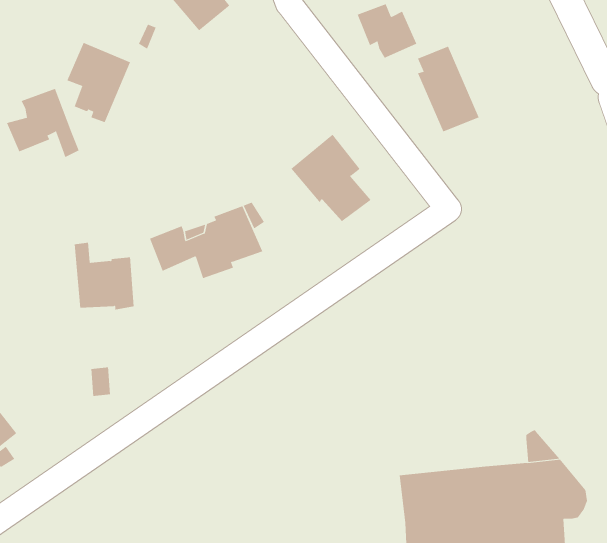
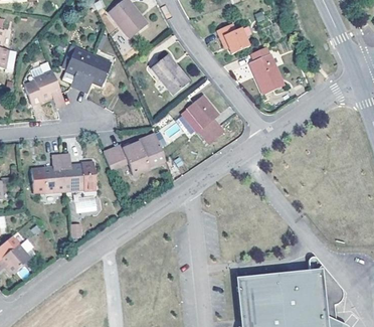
building: none -> [151,53,189,94]
building: none -> [78,54,111,91]
building: none -> [42,154,64,191]

